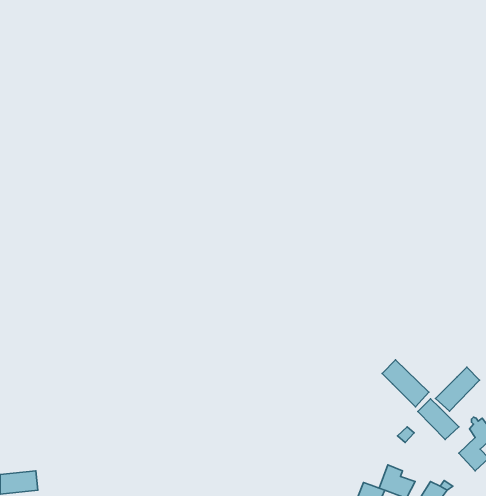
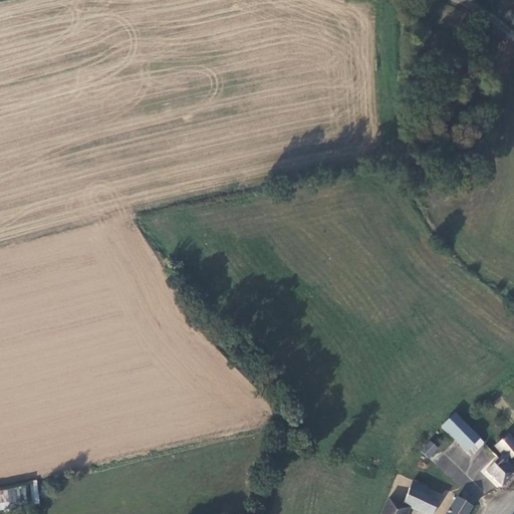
building: [382,360,429,407] -> none
building: [436,367,480,411] -> none

